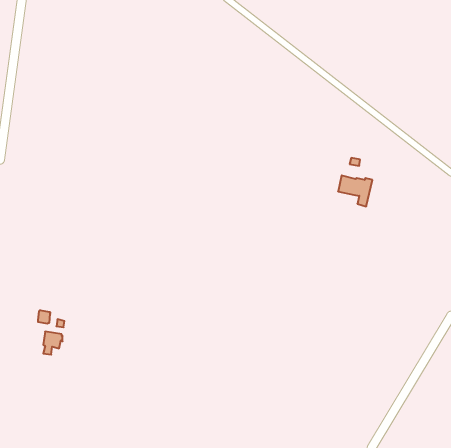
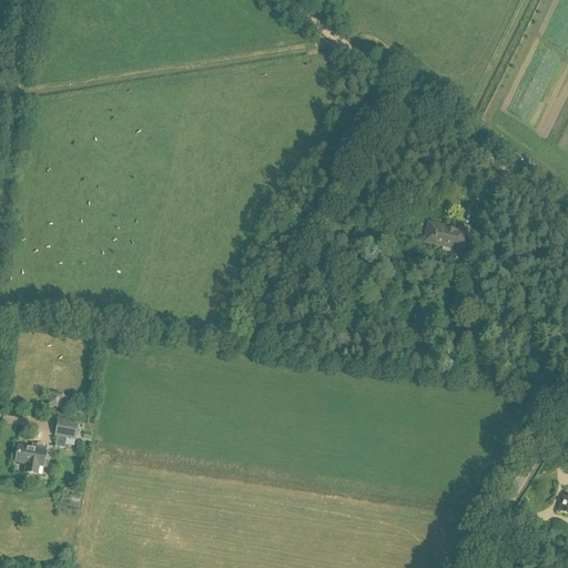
building: none -> [14,440,47,474]

